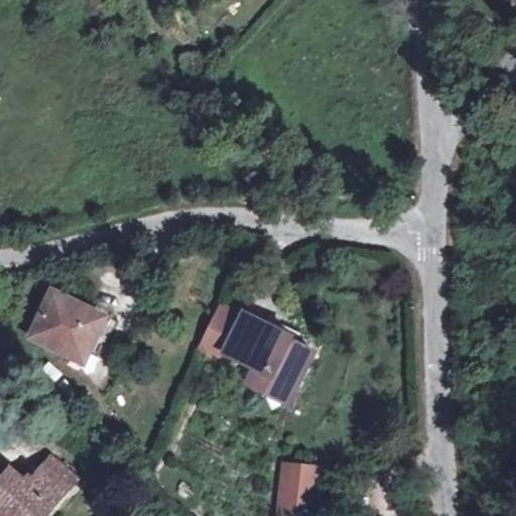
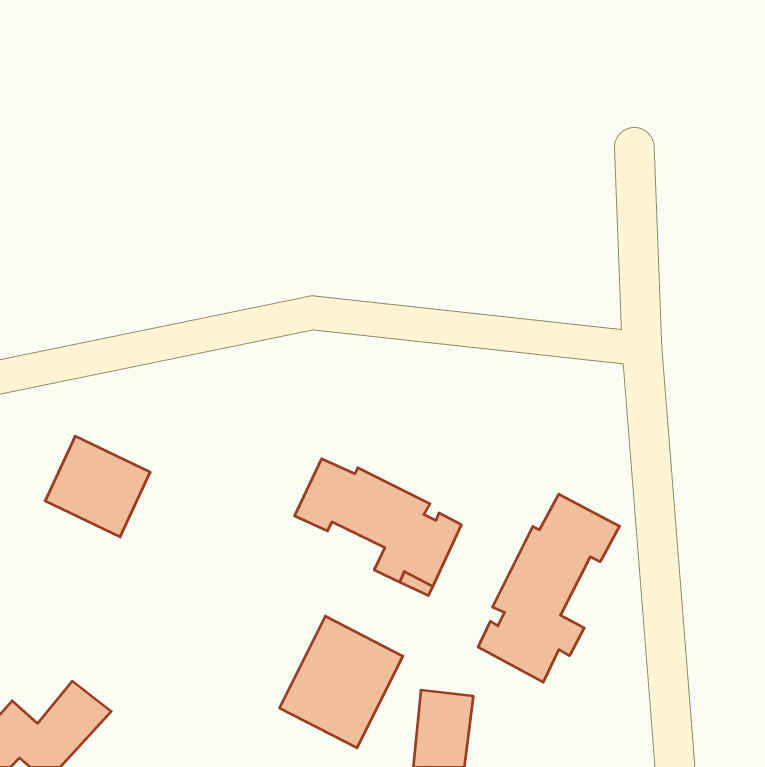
building: none -> [478,494,620,682]
building: none -> [280,616,403,748]

